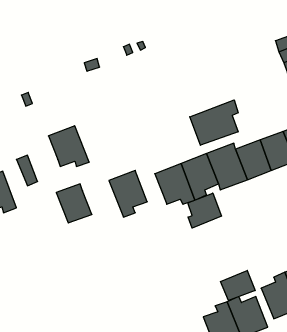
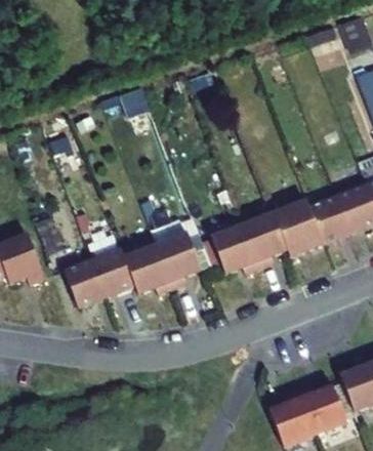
building: [190,100,238,145] -> none
building: [48,126,89,166] -> [123,244,172,293]
building: none -> [63,258,106,306]
building: [188,193,221,228] -> none
building: [221,270,255,301] -> none

